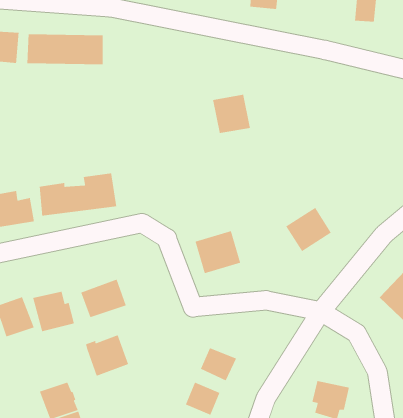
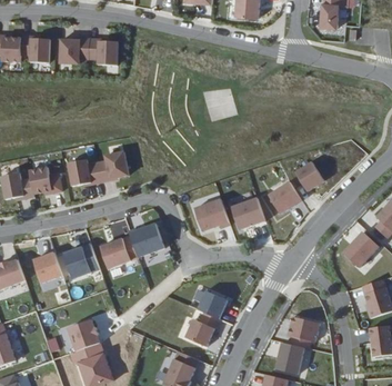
building: none -> [294,159,325,191]
building: none -> [229,196,267,230]
building: [85,334,129,377] -> [129,224,164,258]

